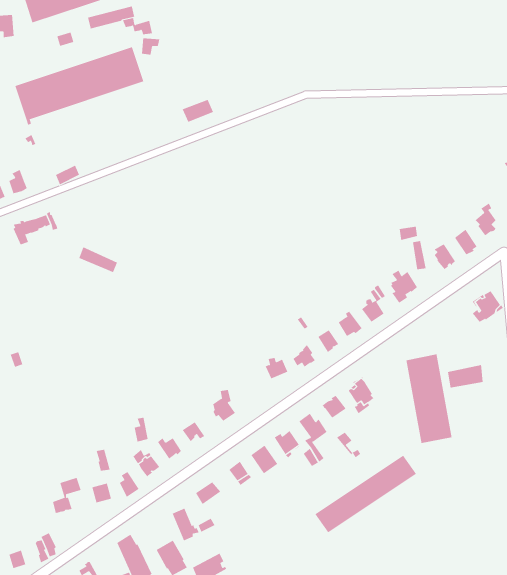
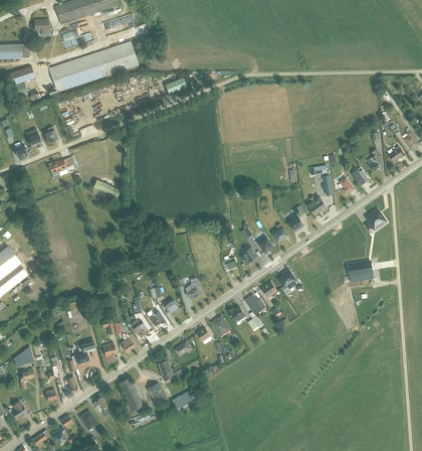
building: [406,354,452,444] -> none
building: [315,455,417,533] -> none

